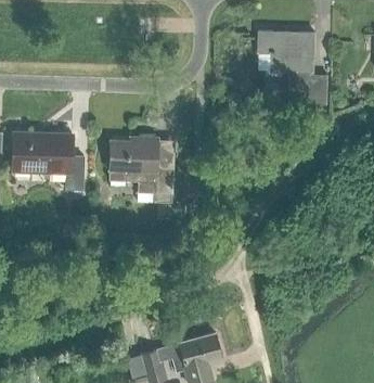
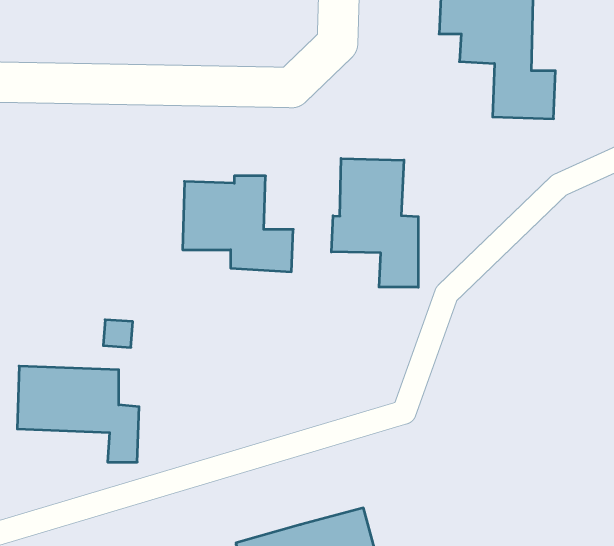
building: none -> [331,158,418,287]
building: [12,133,83,190] -> [17,366,139,462]

